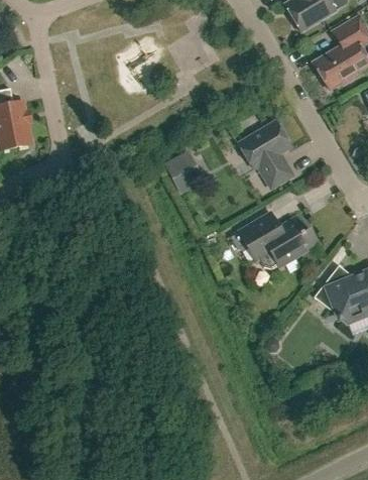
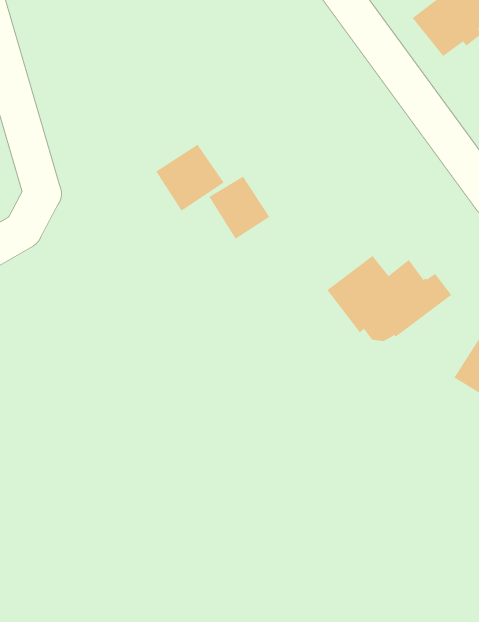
building: [239,121,292,188] -> none
building: none -> [155,144,224,212]

